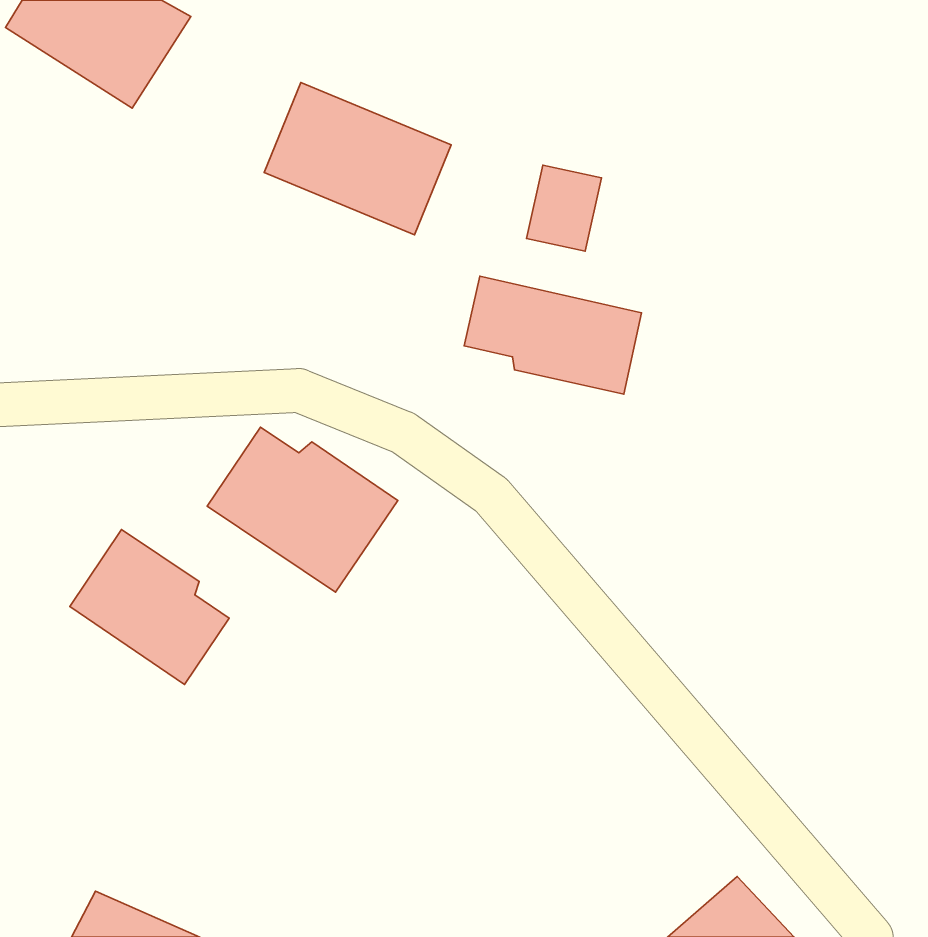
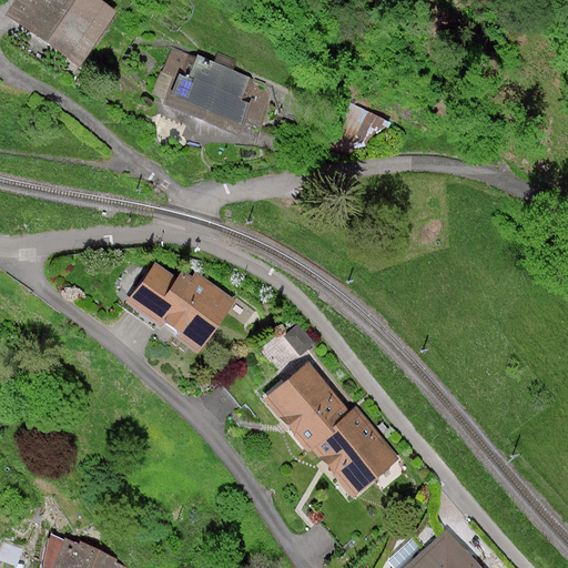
building: [464,276,642,394] -> none
building: [70,529,229,684] -> none
building: none -> [265,359,399,497]

